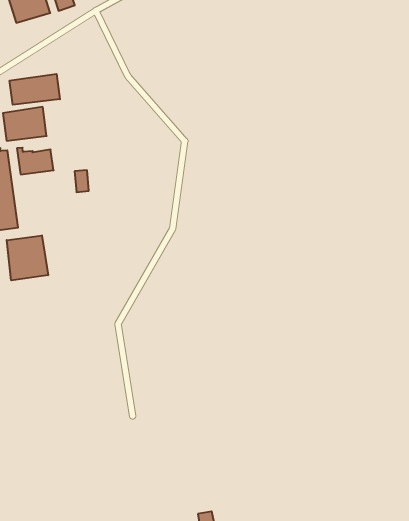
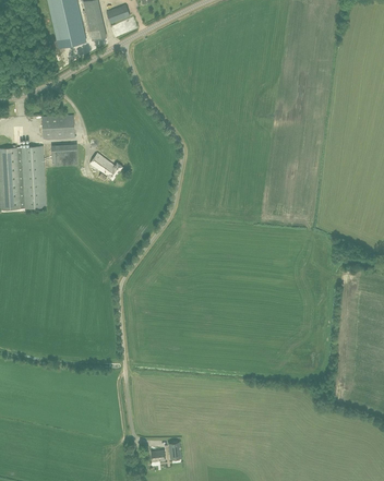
building: [10,74,60,105] -> none
building: [7,235,48,280] -> none

